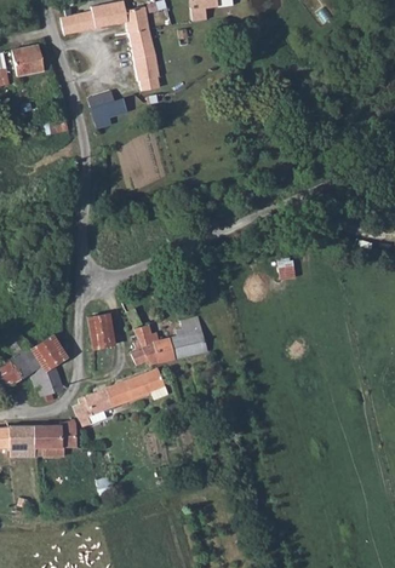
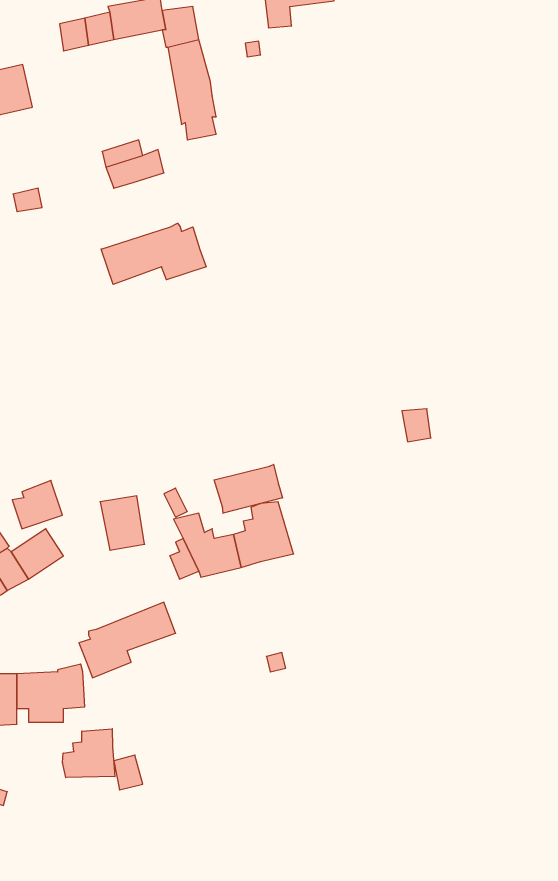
building: none -> [101,223,206,284]
building: none -> [214,464,283,513]
building: [33,367,64,397] -> [12,480,62,529]
building: [127,368,168,400] -> none
building: none -> [63,729,115,778]

